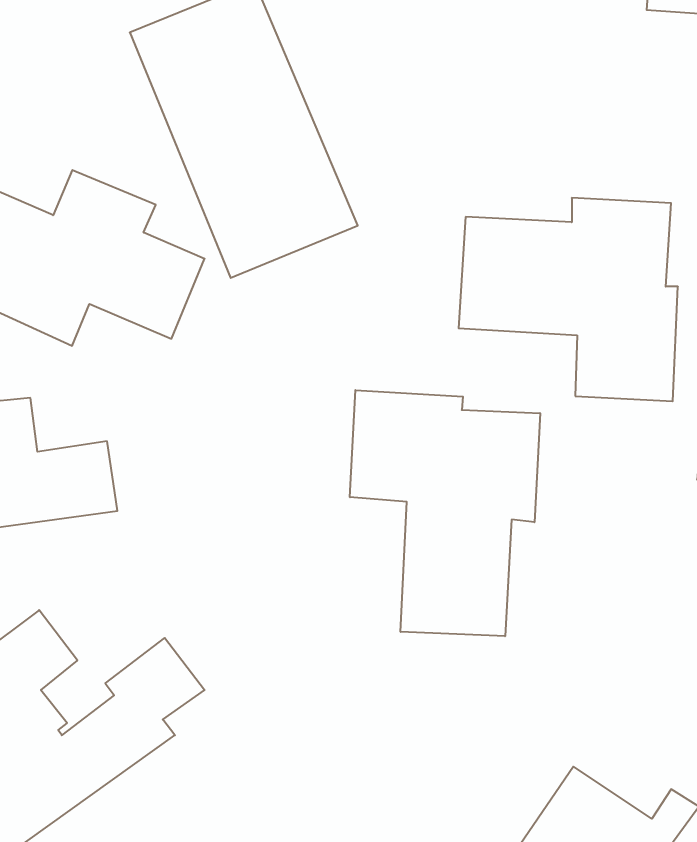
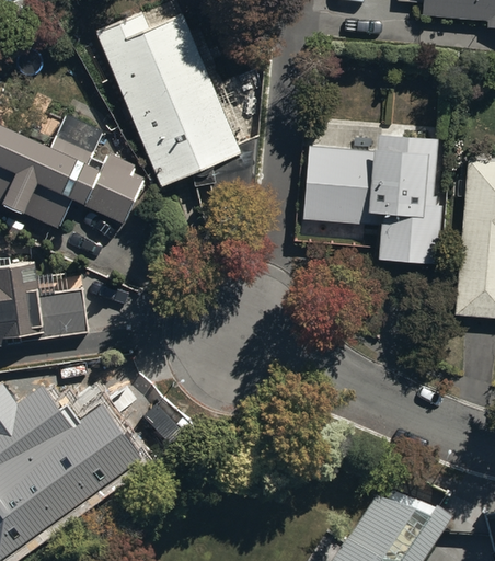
building: [350,390,540,636] -> none

